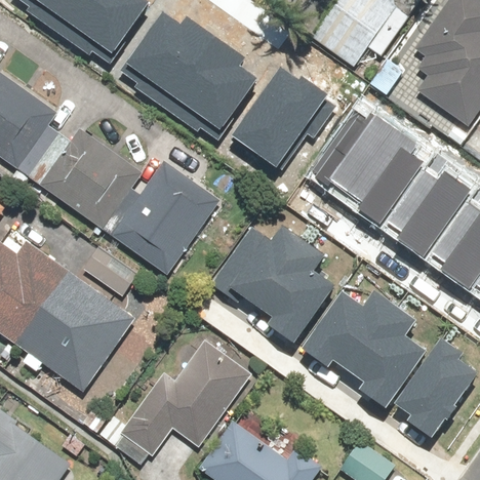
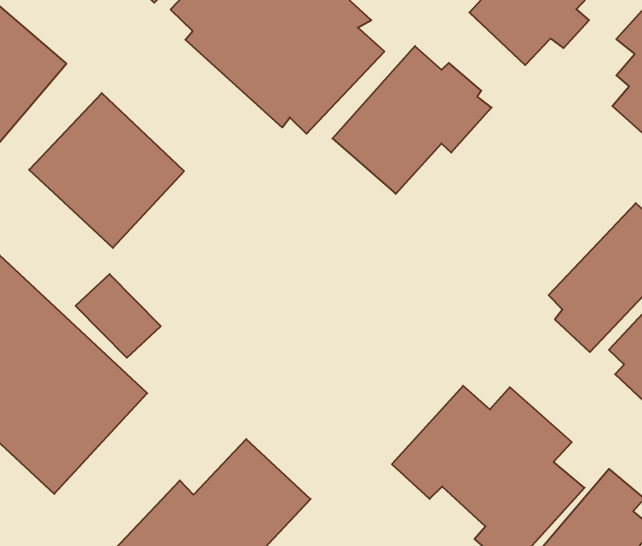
building: [311,111,424,222] -> none
building: [111,162,219,276] -> none
building: [214,217,342,337] -> none

